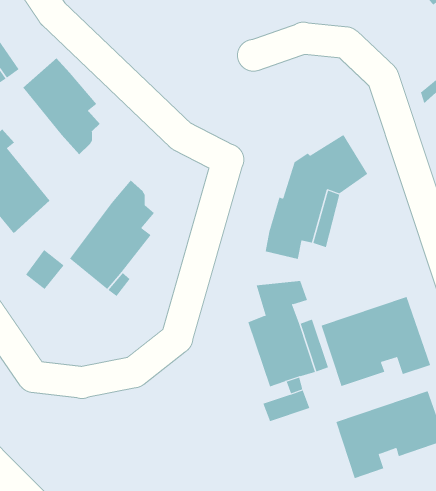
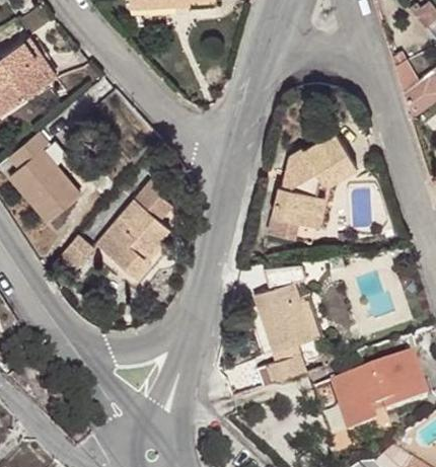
building: [22,57,101,155] -> none
building: [321,296,431,387] -> none

